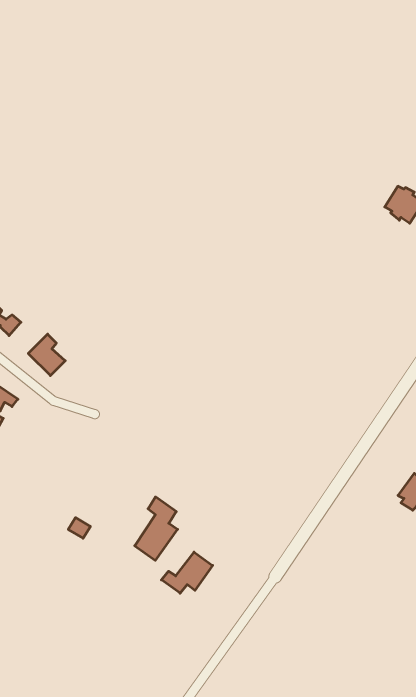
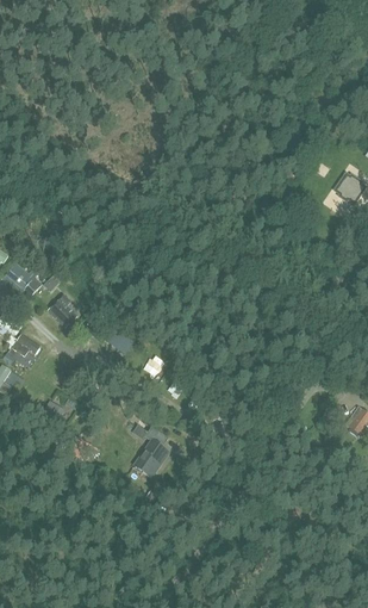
building: [161,552,213,593] -> none

